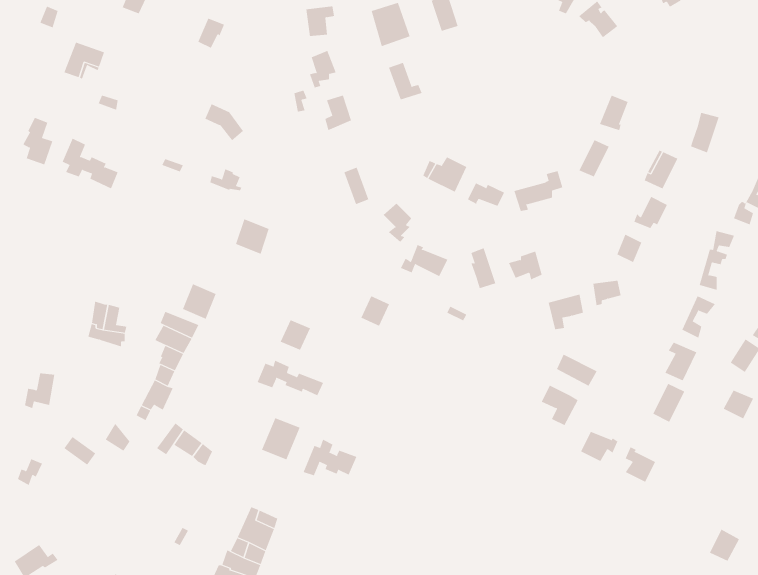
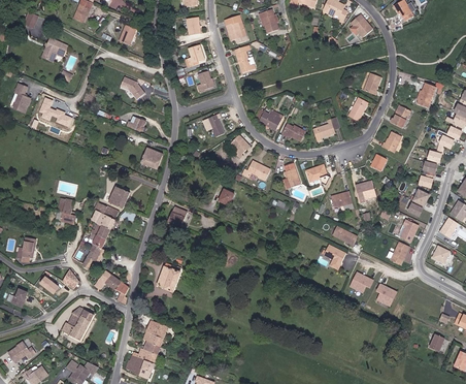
building: [257,360,324,396] -> none
building: [303,439,357,476] -> none
building: none -> [62,306,95,340]

